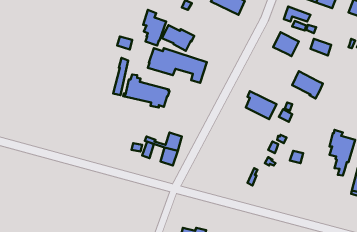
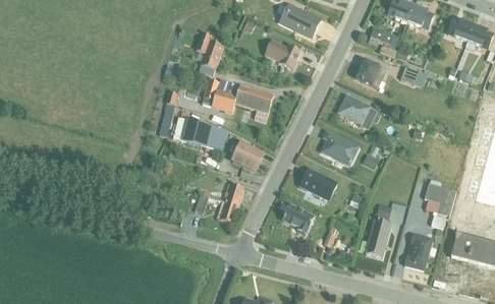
building: [162,25,194,51] -> [264,38,304,69]
building: [292,71,323,98] -> [339,95,377,128]
building: none -> [230,140,265,172]
building: none -> [299,167,338,199]
building: none -> [283,203,315,233]
building: none -> [366,219,391,256]
building: none -> [404,232,433,269]

